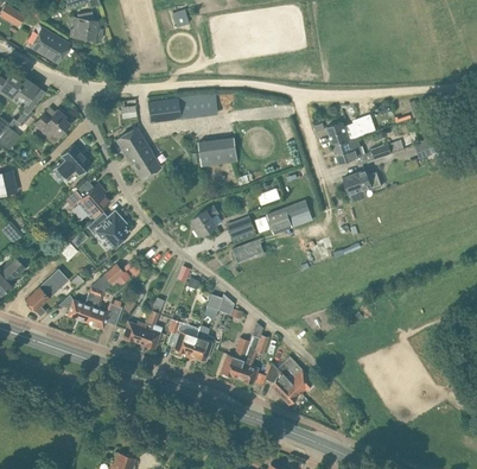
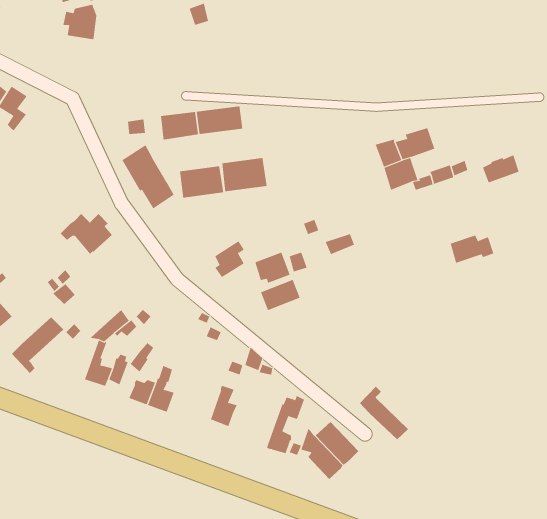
building: [31,27,69,62] -> none
building: [34,108,70,144] -> none
building: none -> [180,166,224,198]
building: [57,144,91,178] -> none
building: [344,170,381,194] -> [450,235,494,264]
building: [87,210,132,246] -> none
building: [58,286,97,321] -> none
building: [168,318,198,354] -> none
building: none -> [359,386,409,440]
building: [221,337,249,378] -> none

